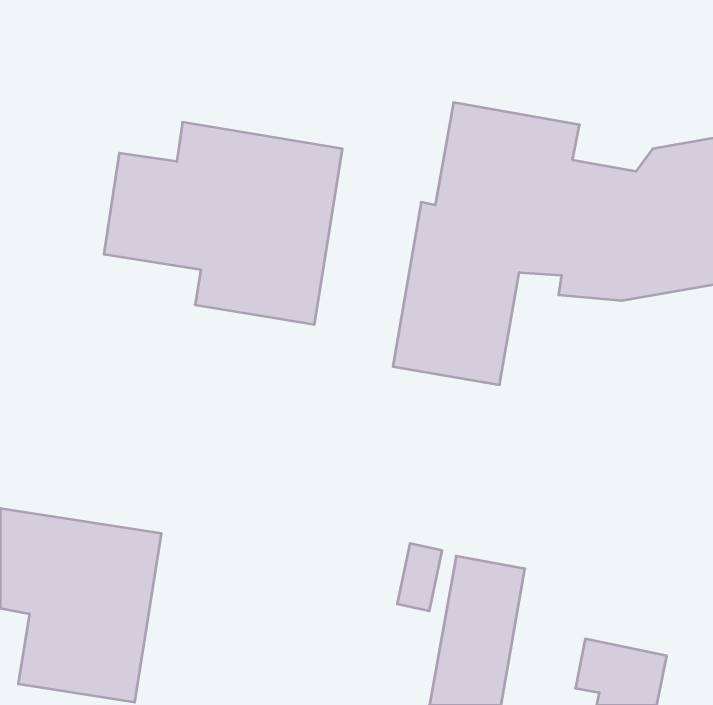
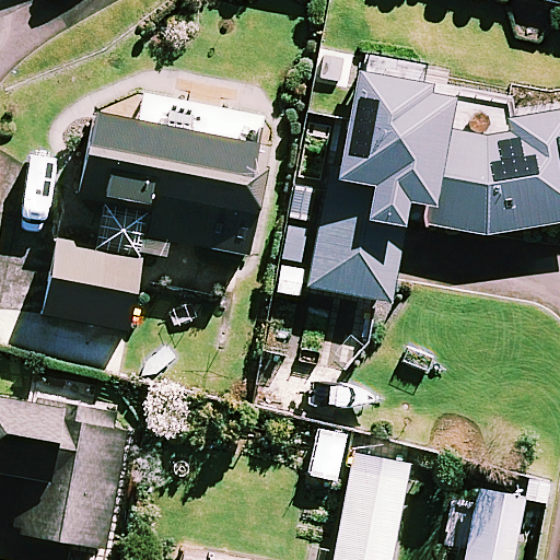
building: none -> [47,238,144,329]

